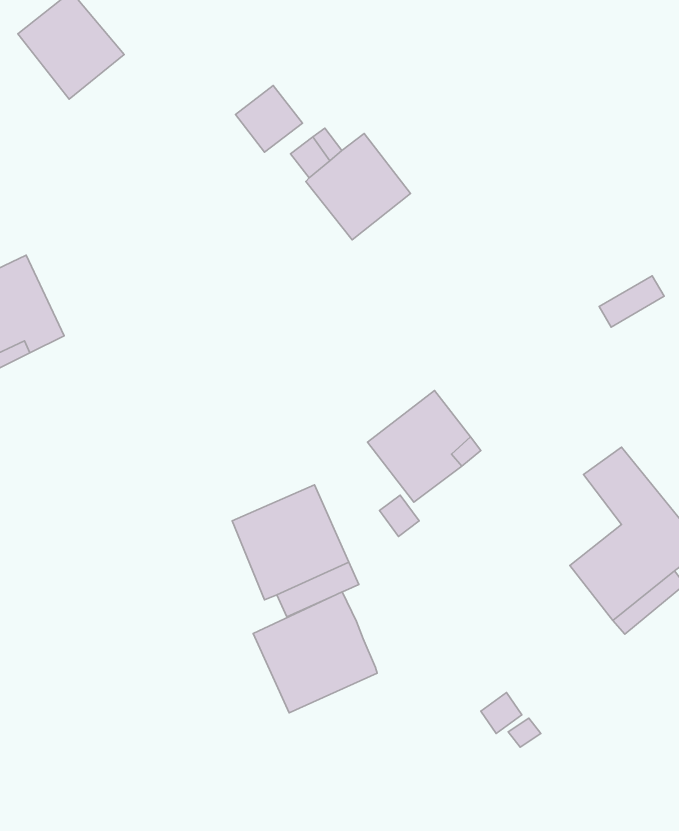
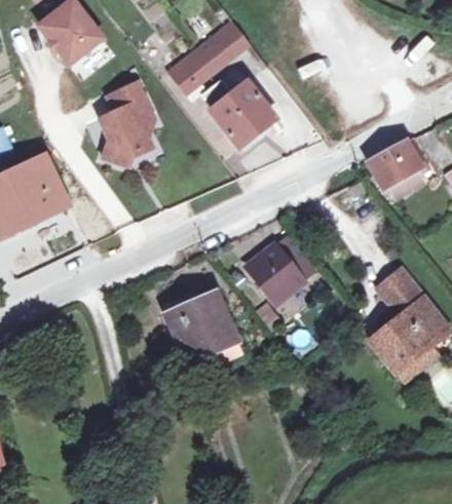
building: none -> [192,21,250,75]
building: none -> [99,81,154,165]
building: none -> [370,140,422,187]
building: [253,592,377,713] -> none

